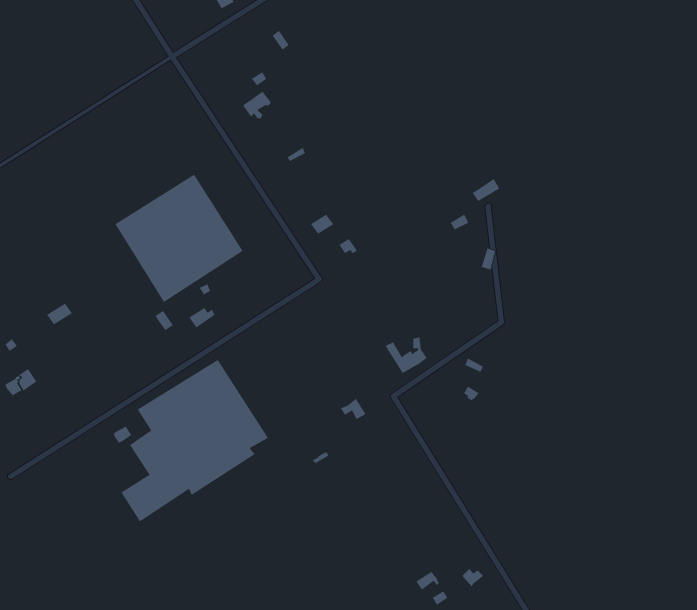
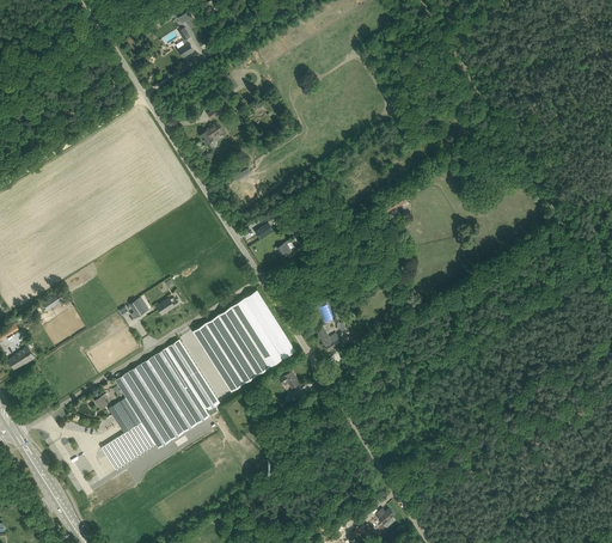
building: [115,174,244,303] -> [192,289,296,393]

